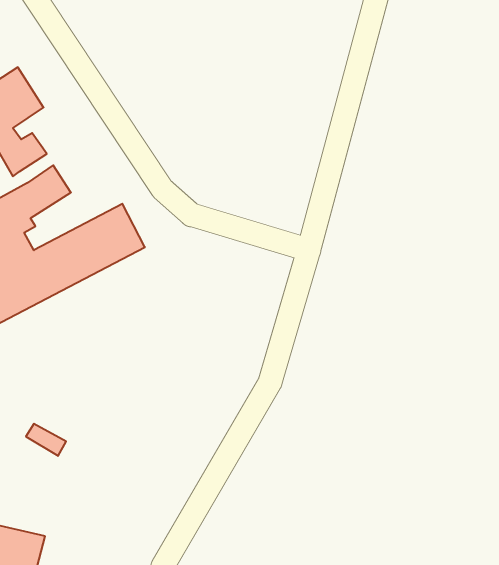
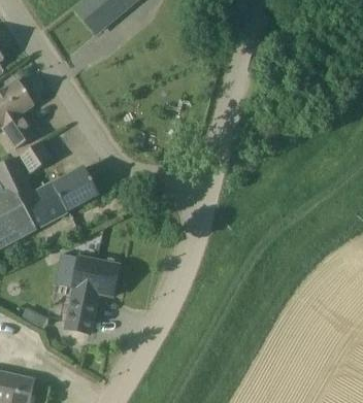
building: none -> [55,253,120,333]

